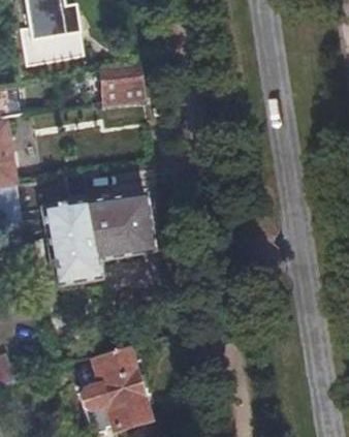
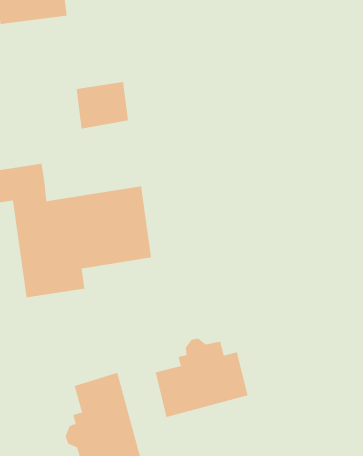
building: [100,63,144,102] -> [76,81,129,129]
building: none -> [155,338,248,418]

